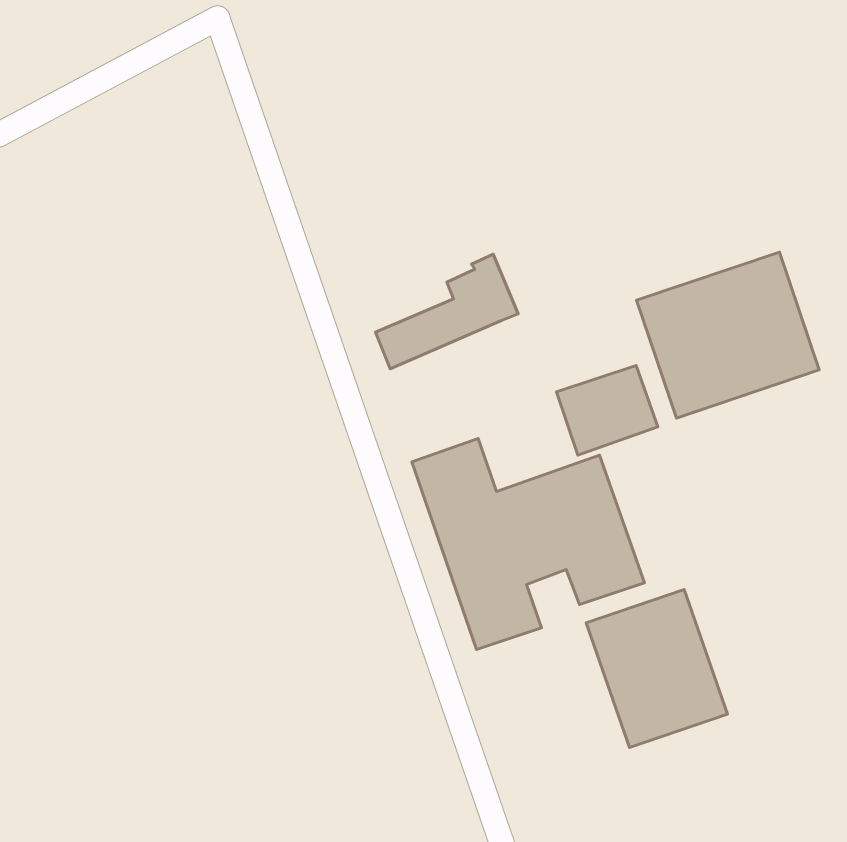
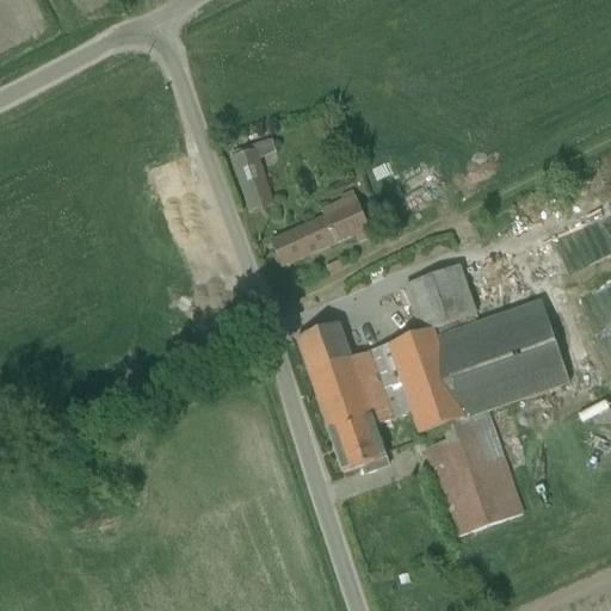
building: none -> [232,141,276,209]
building: [637,252,819,418] -> [437,297,568,416]

